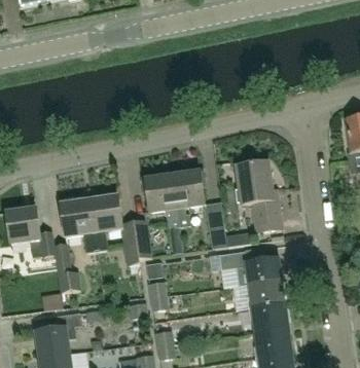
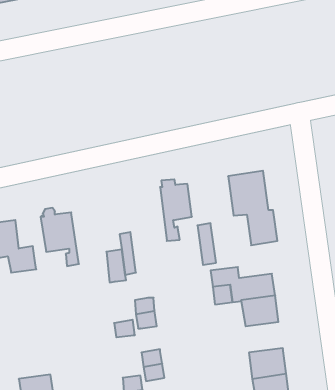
building: [143,171,178,228] -> none
building: [88,190,119,248] -> none
building: [55,246,80,293] -> none
building: [238,302,287,333] -> none
building: [36,324,75,356] -> none

